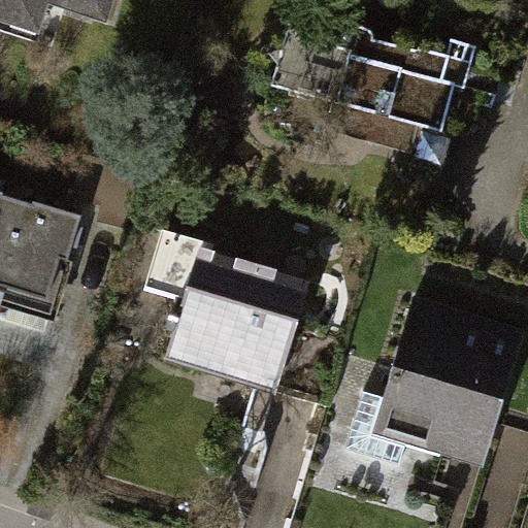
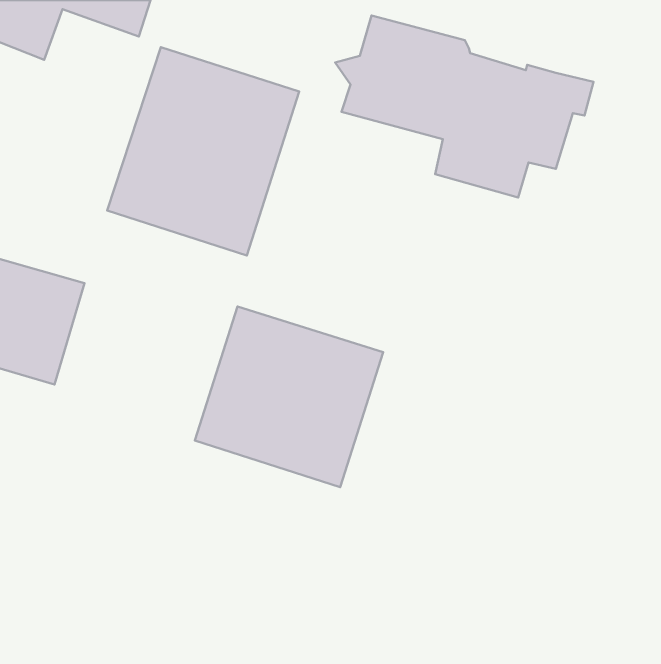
building: none -> [107,47,299,256]
building: [373,315,517,471] -> none

